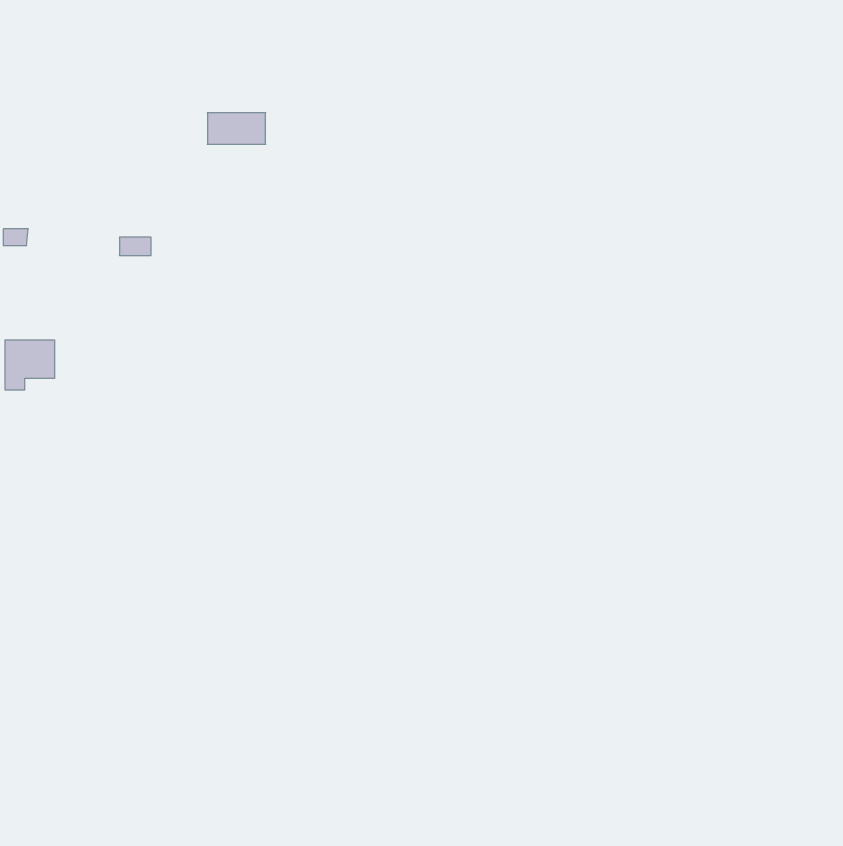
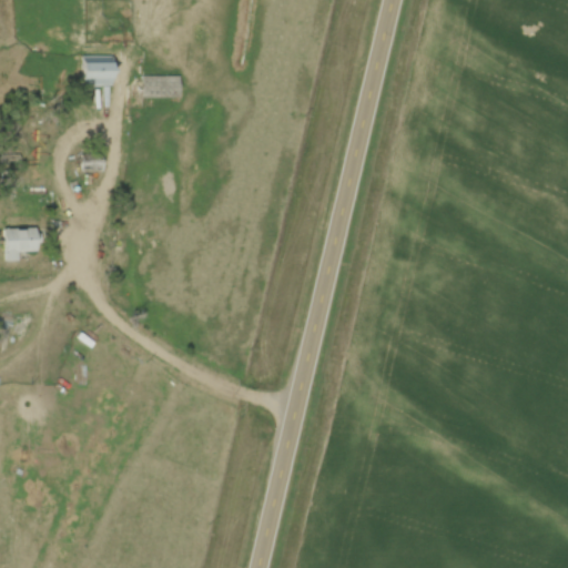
building: none -> [83,55,115,83]

